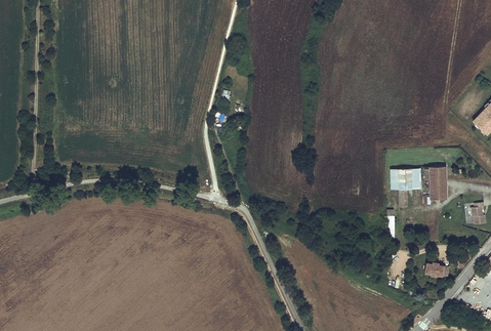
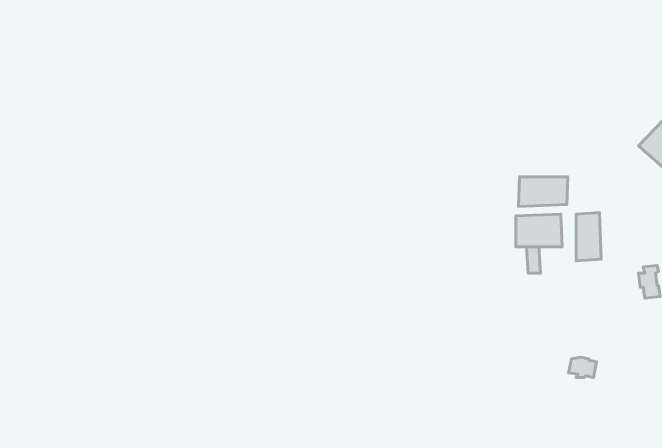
building: none -> [519,177,568,206]

